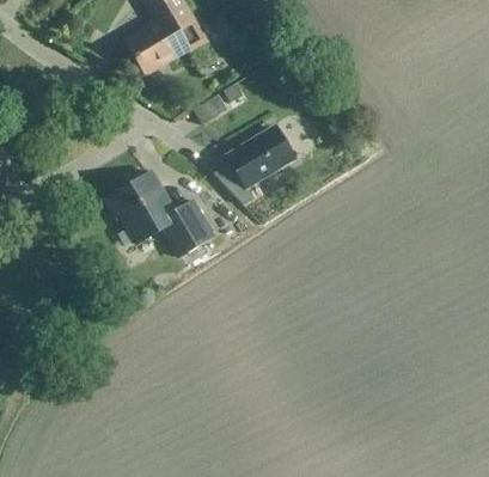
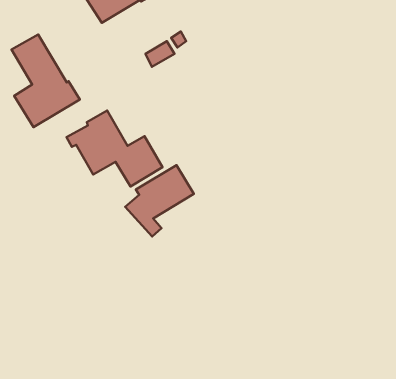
building: none -> [11,34,80,127]
building: [215,126,292,206] -> [125,165,194,237]

